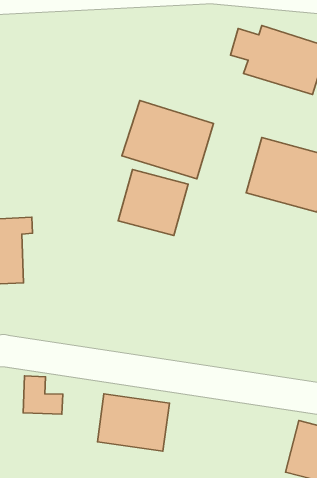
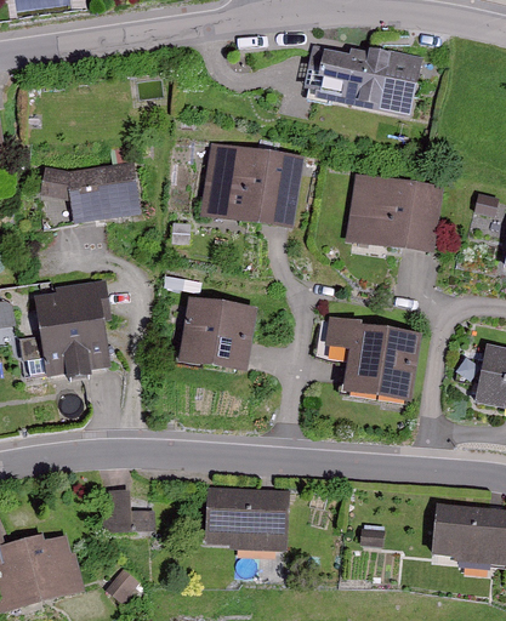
building: none -> [66,161,140,223]
building: [118,169,188,236] -> [174,301,250,372]
building: none -> [325,317,416,399]

